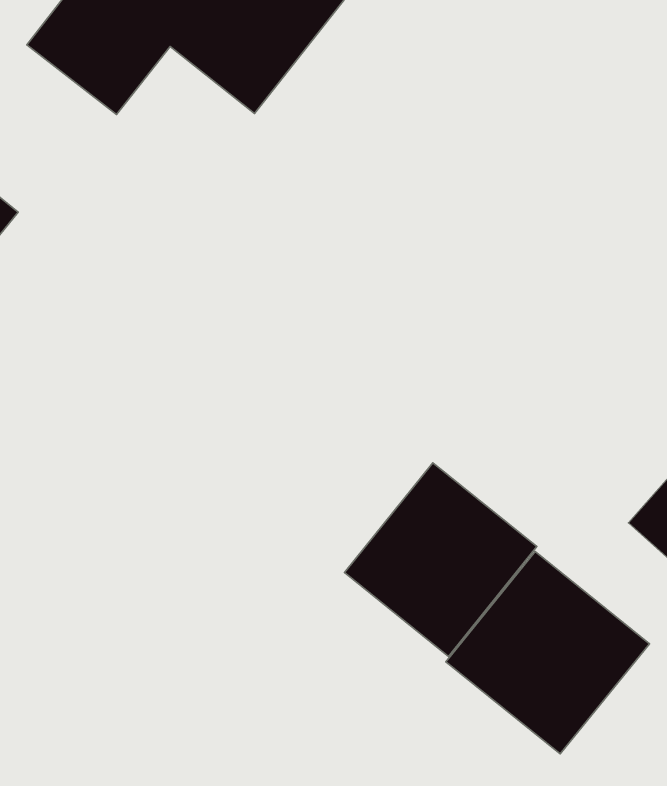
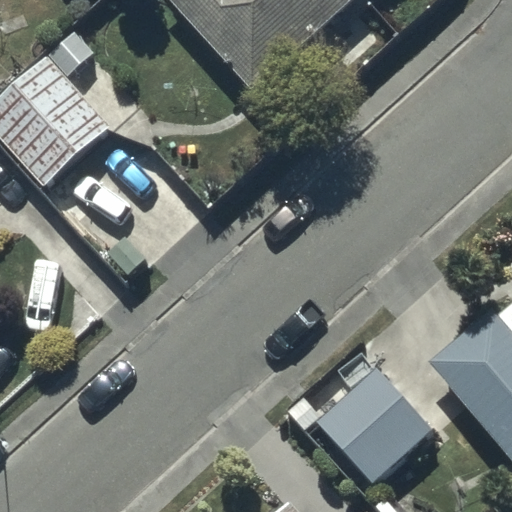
building: [345,463,537,656] -> none

